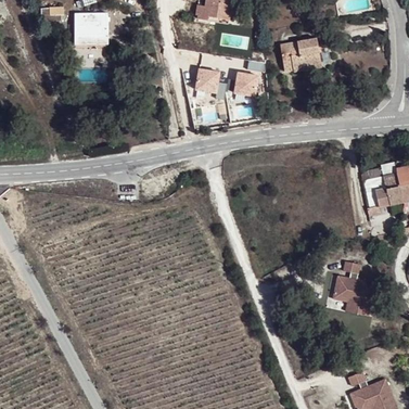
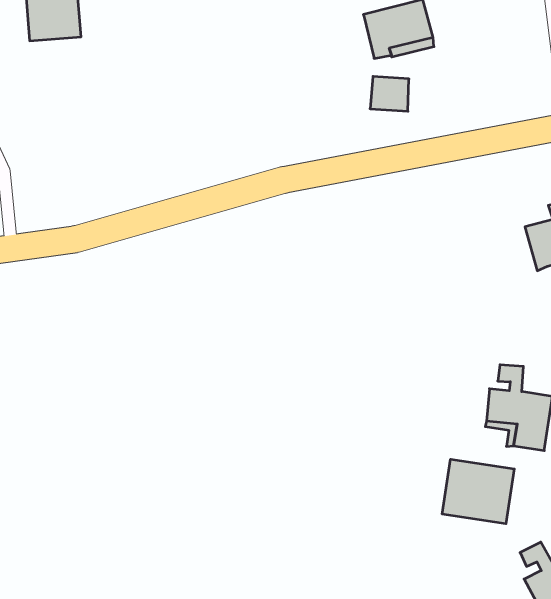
building: [193,66,225,98] -> none
building: [233,72,258,94] -> [370,76,409,111]
building: none -> [442,459,514,524]

